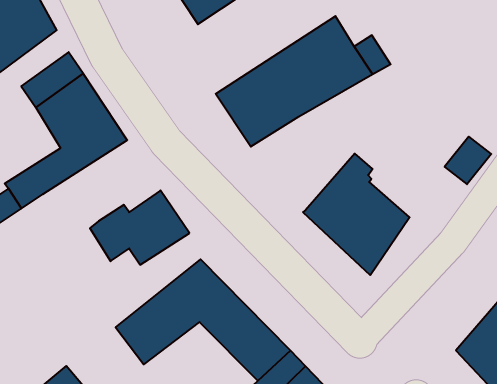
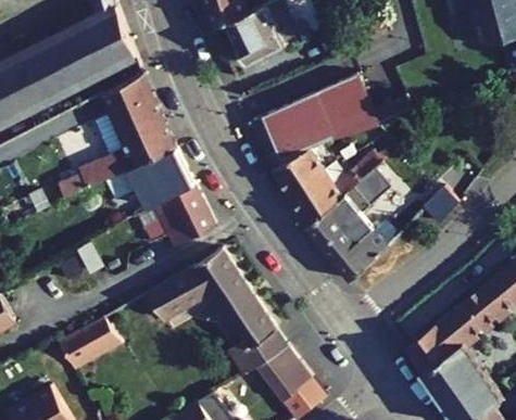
building: none -> [274,151,379,225]
building: none -> [105,148,198,207]

